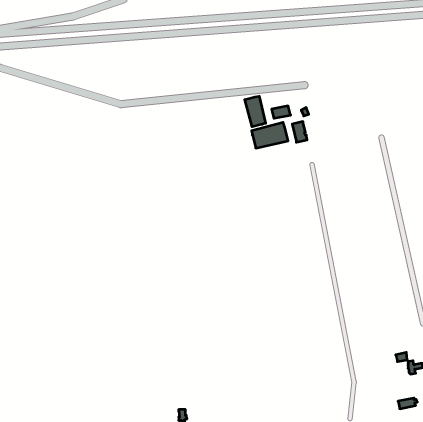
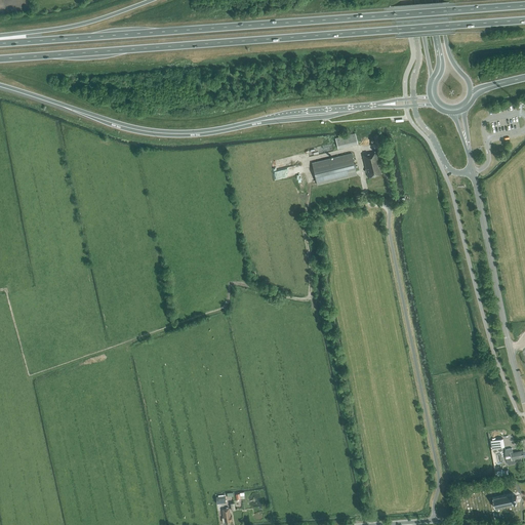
building: [245,96,266,127] -> none

